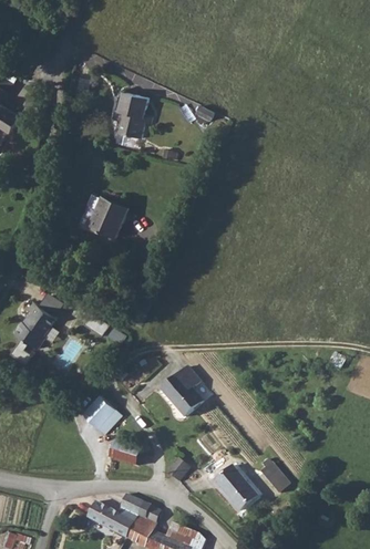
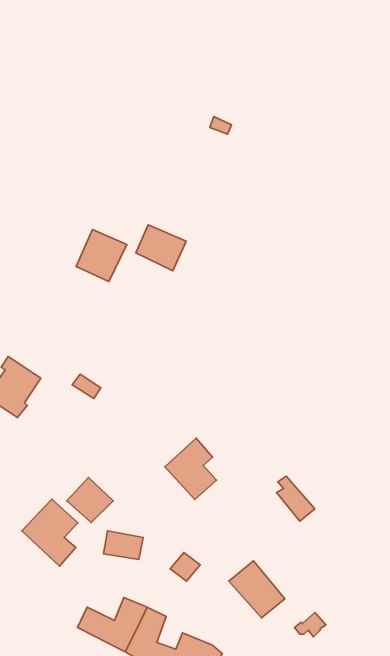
building: [114,92,151,138] -> none
building: none -> [136,225,186,271]
building: none -> [22,499,78,566]
building: [259,458,290,495] -> [277,476,315,521]

